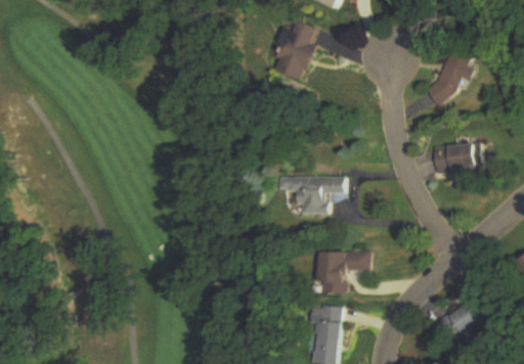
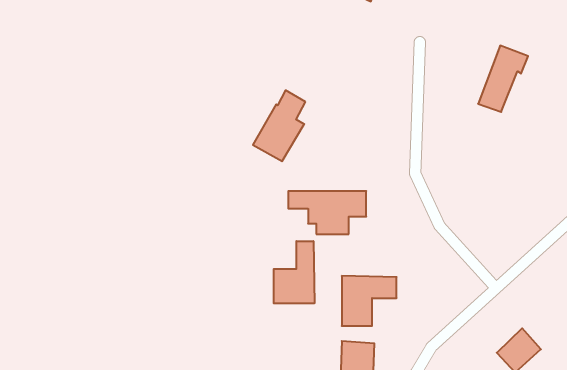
building: [270,17,316,80] -> [253,90,305,161]
building: [432,143,483,171] -> none
building: none -> [274,241,314,303]

